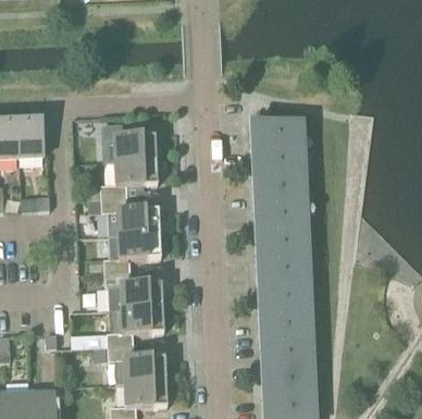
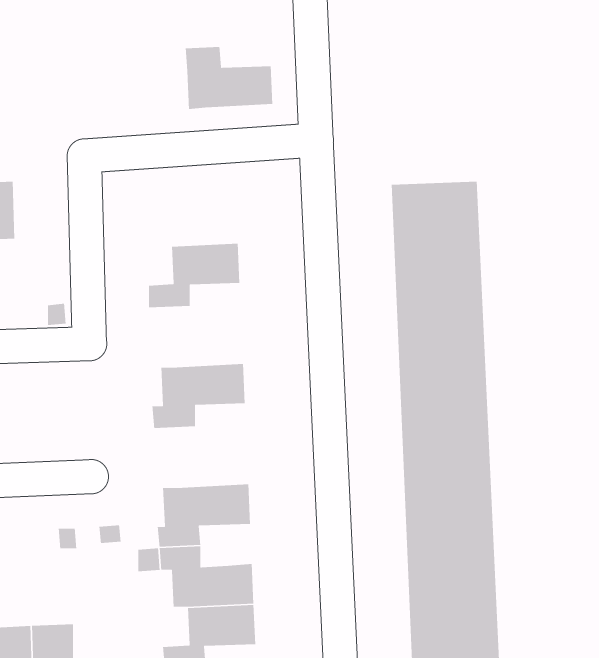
building: [18,118,45,155] -> none
building: [102,121,157,160] -> [185,46,273,110]
building: [101,196,160,233] -> none
building: [104,270,163,307] -> none

